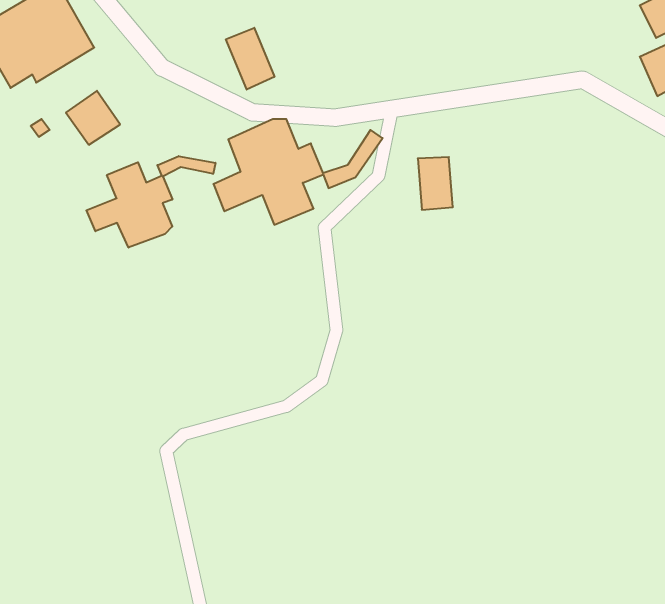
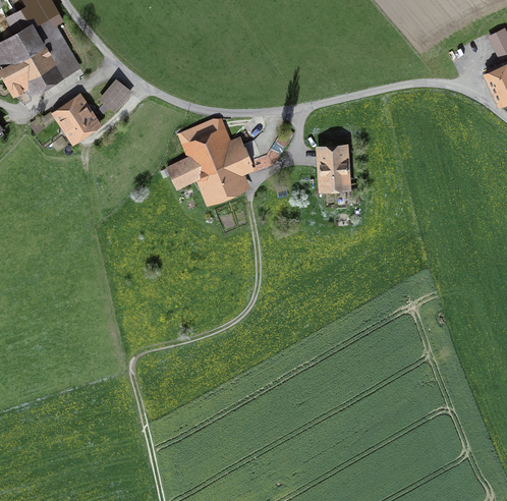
building: [226,28,274,90] -> none
building: none -> [102,82,129,111]
building: [86,156,215,248] -> none

